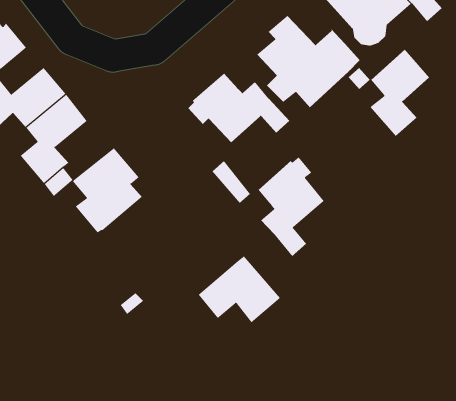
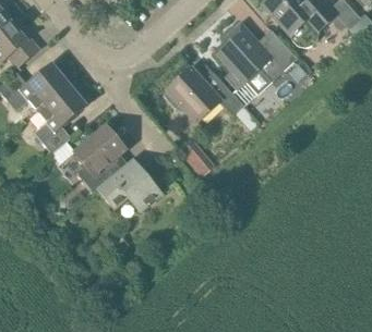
building: [370,49,430,137] -> none
building: [258,157,325,257] -> none
building: [198,256,281,323] -> [97,159,161,211]

